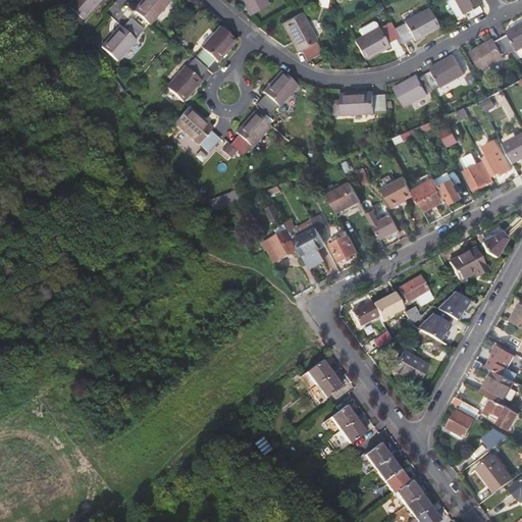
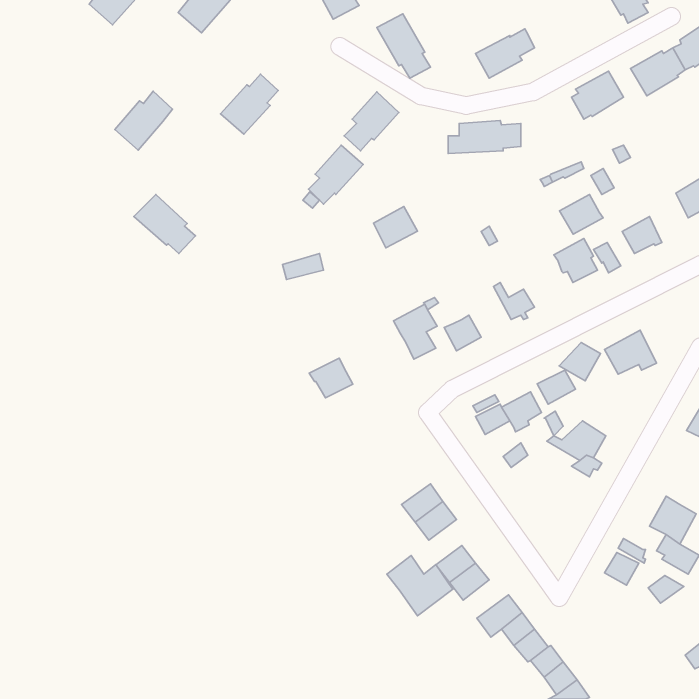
building: [394,6,438,41] -> none
building: [102,16,145,60] -> [115,91,172,150]
building: [195,24,237,67] -> none
building: [395,72,435,107] -> none
building: [174,105,220,149] -> [134,195,195,254]
building: [484,145,512,175] -> none
building: [383,176,416,206] -> [559,194,603,234]
building: [328,181,361,212] -> [374,207,418,248]
building: [266,228,299,258] -> [309,358,353,398]
building: [479,232,508,257] -> none
building: [439,292,470,320] -> [559,342,600,381]
building: [489,347,514,375] -> none
building: [395,352,430,384] -> none
building: none -> [387,555,453,616]
building: [480,454,516,491] -> none

